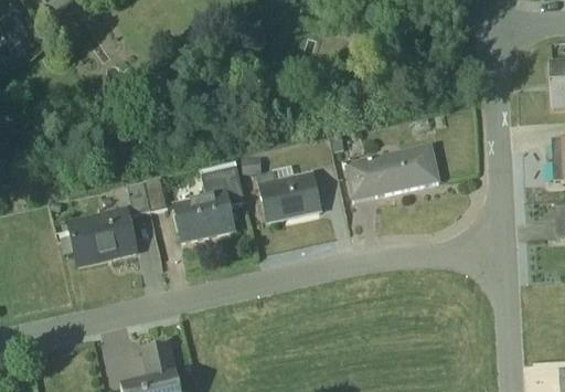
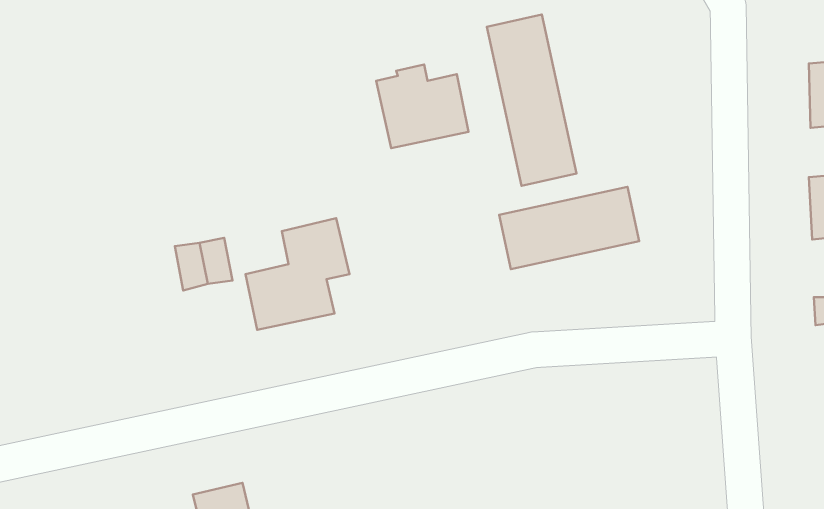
building: none -> [487,14,576,186]
building: [257,163,319,220] -> [376,64,469,148]
building: [65,206,135,263] -> none

